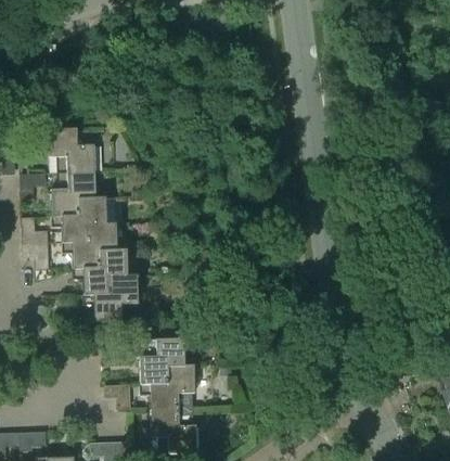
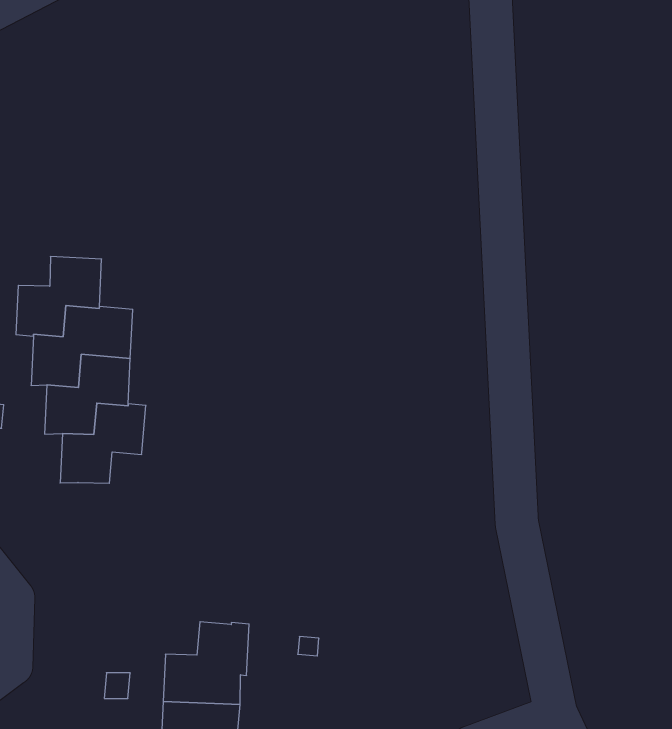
building: [48,128,94,172] -> none
building: [92,276,137,322] -> none
building: [139,338,183,385] -> none

